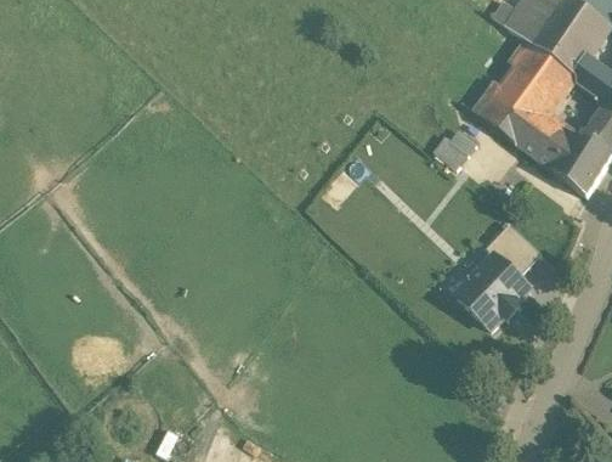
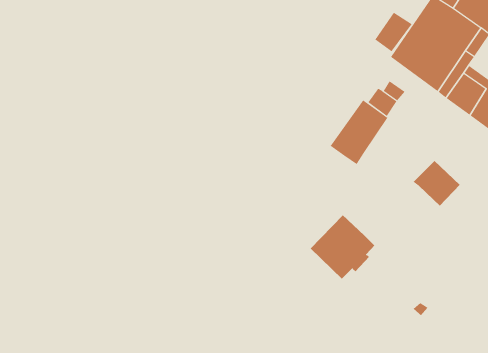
building: none -> [375,12,413,52]
building: none -> [330,99,388,165]
building: [455,252,532,328] -> [310,214,375,279]

